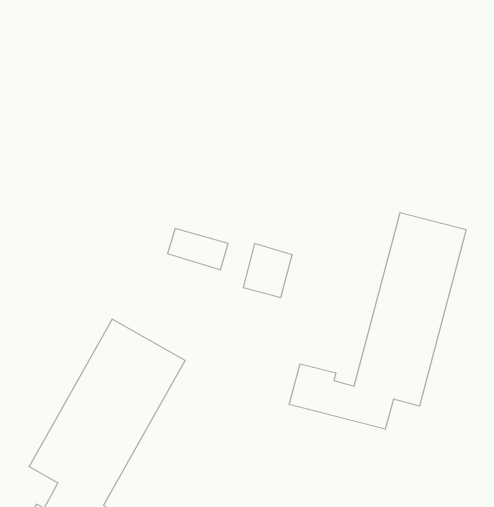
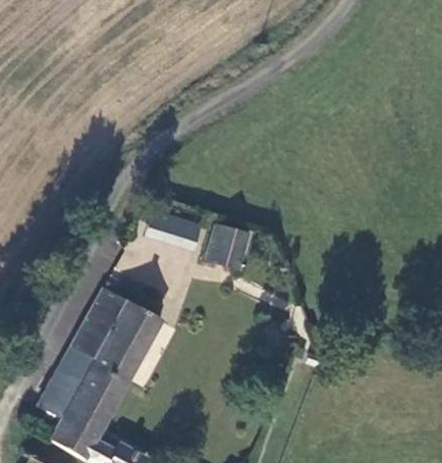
building: [289,212,466,429] -> none

